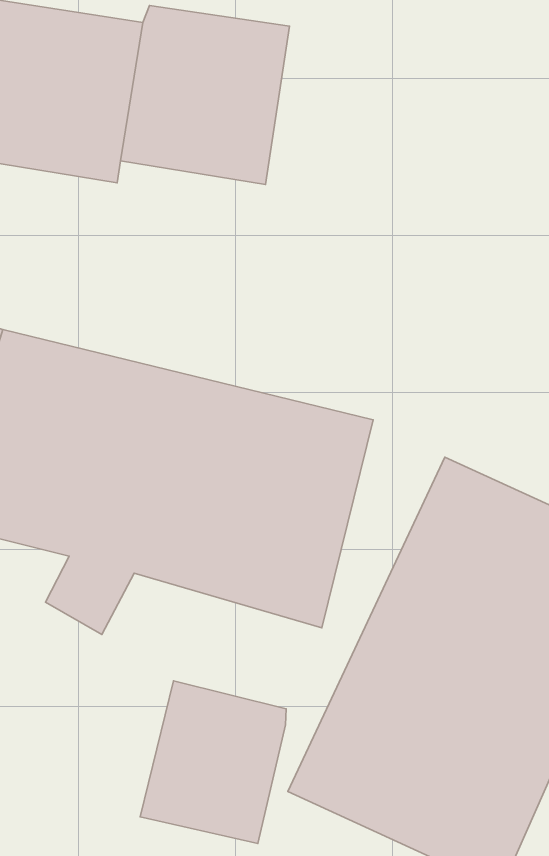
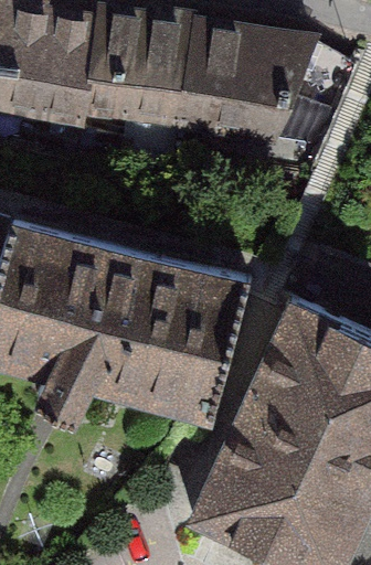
building: none -> [182,24,354,149]
building: [140,681,286,844] -> none

